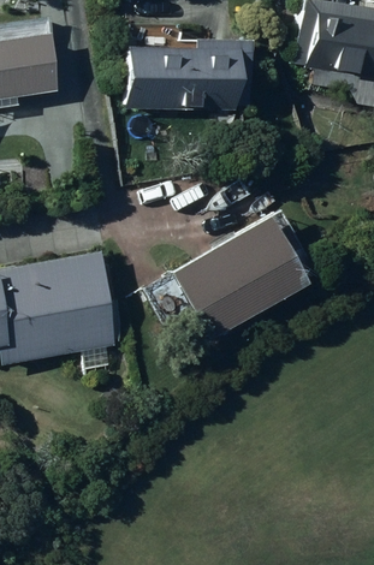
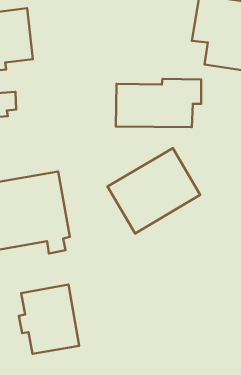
building: [127,38,250,108] -> [116,79,201,127]
building: none -> [19,284,79,354]

